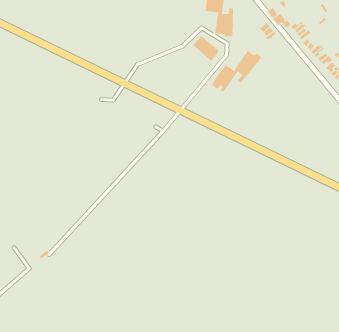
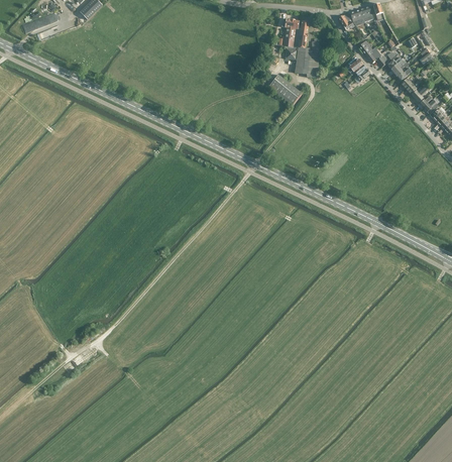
building: [211,50,262,93] -> none

